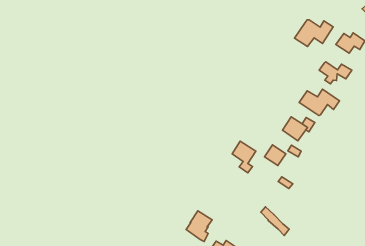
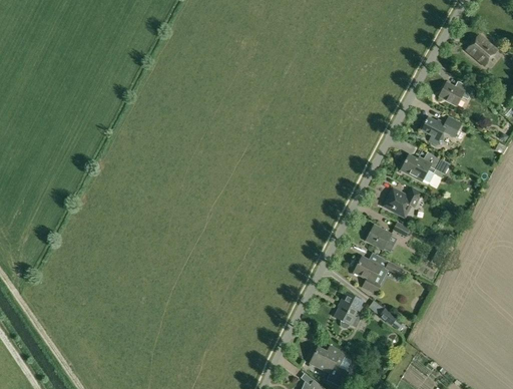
building: [295,20,333,47] -> none
building: [232,141,256,173] -> [354,256,382,293]
building: [186,211,212,241] -> [333,292,363,328]

